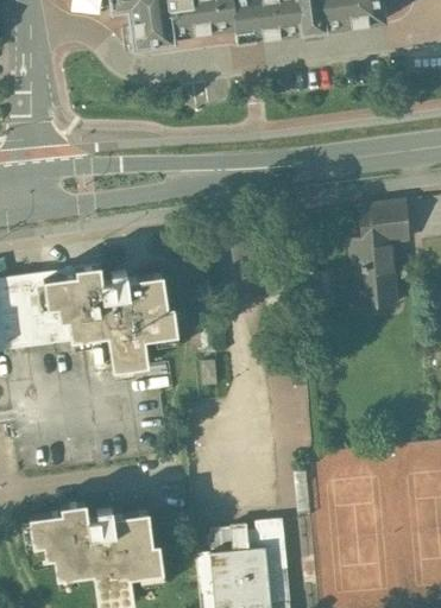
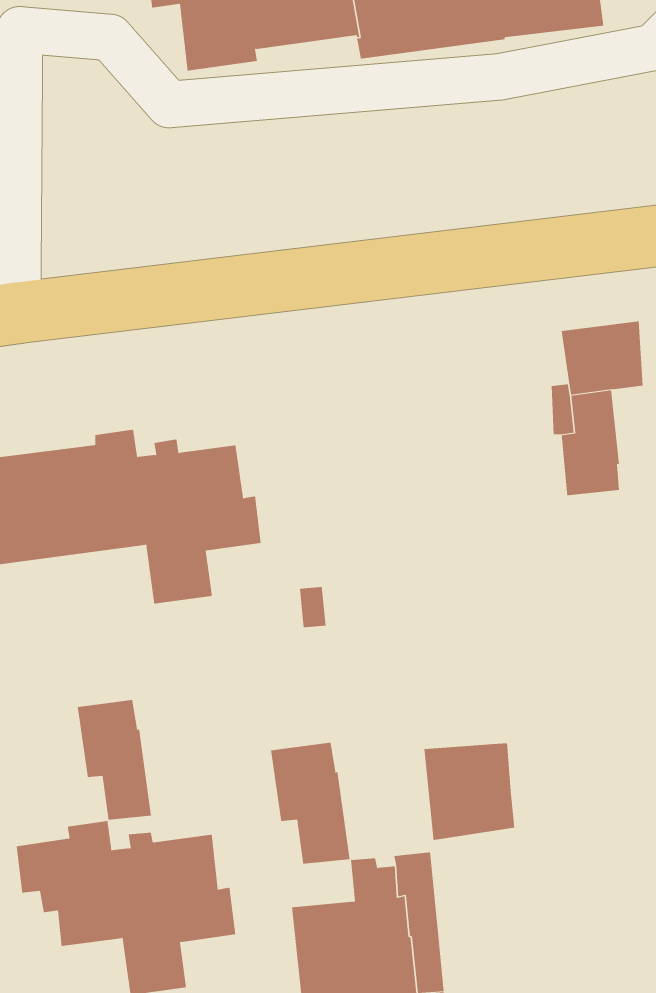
building: none -> [77,699,152,820]
building: none -> [270,742,350,864]
building: none -> [424,742,515,841]

